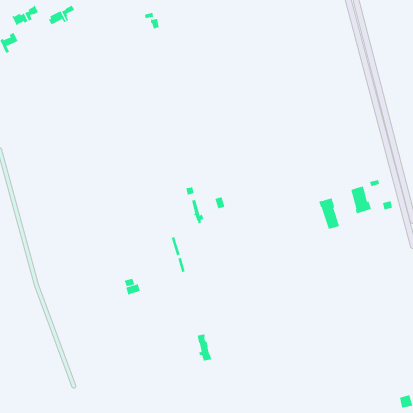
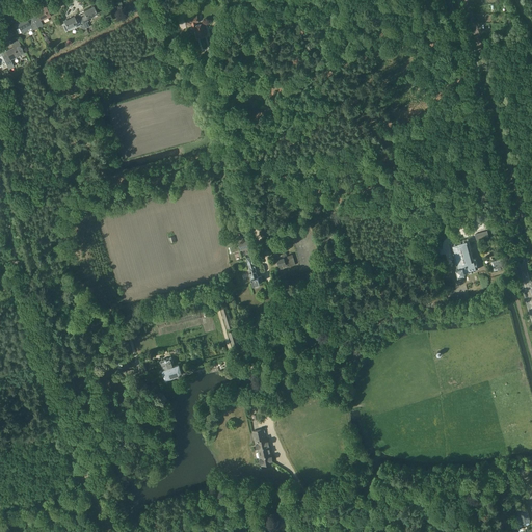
building: [319,198,340,229] -> none

